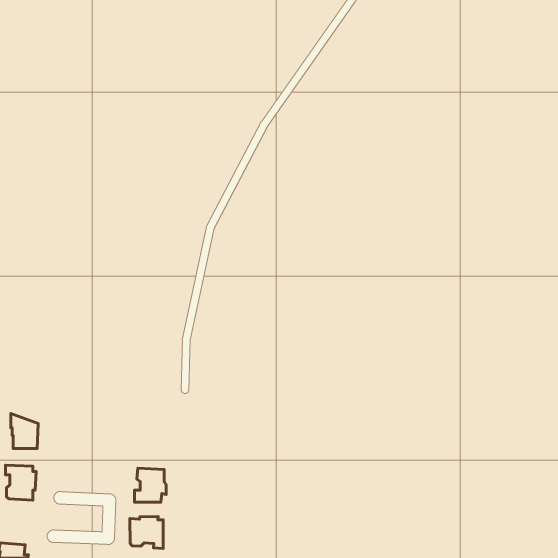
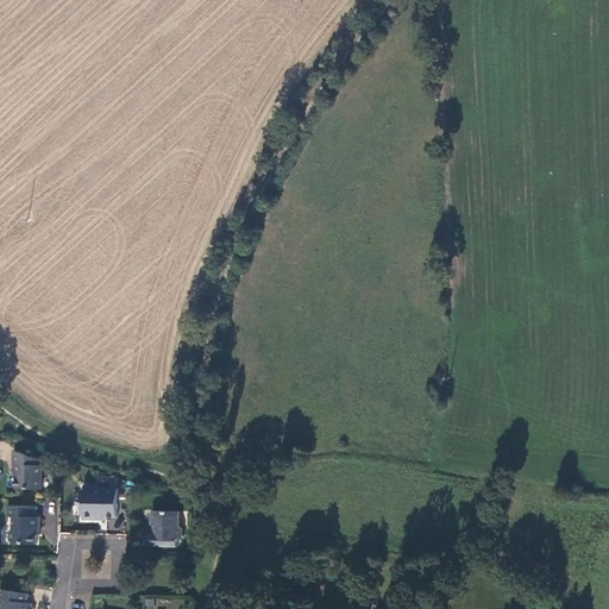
building: none -> [80,485,115,519]
building: [130,516,163,548] -> none

